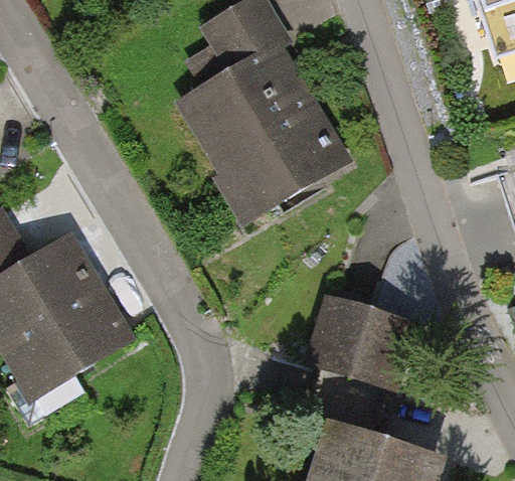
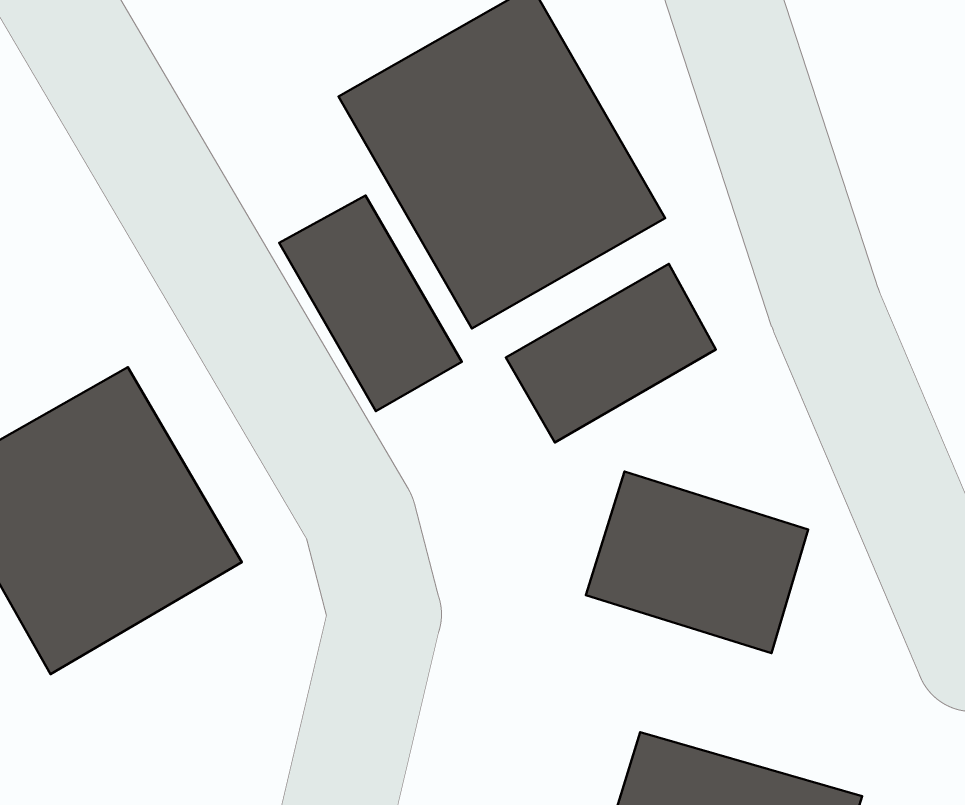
building: none -> [279,195,462,411]
building: none -> [506,264,716,443]

